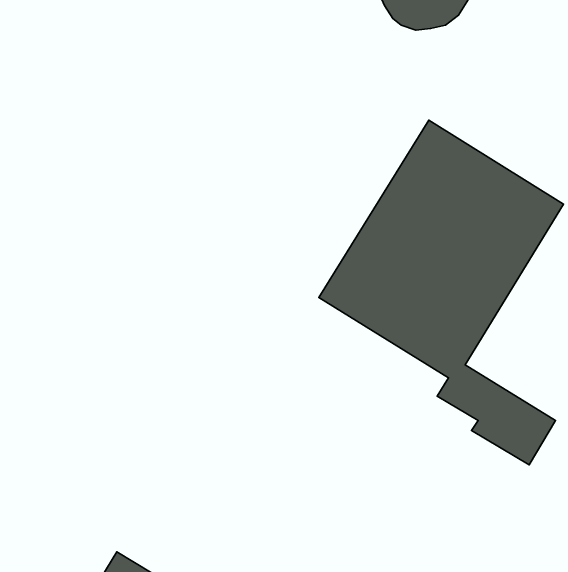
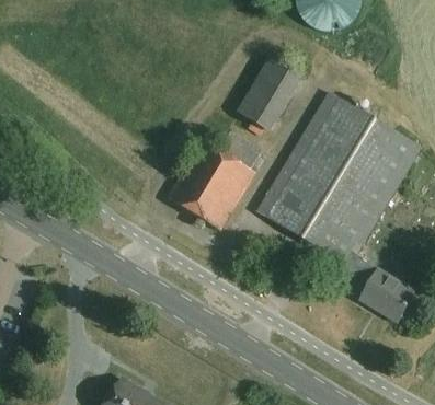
building: none -> [236,55,302,131]
building: none -> [167,132,262,232]

